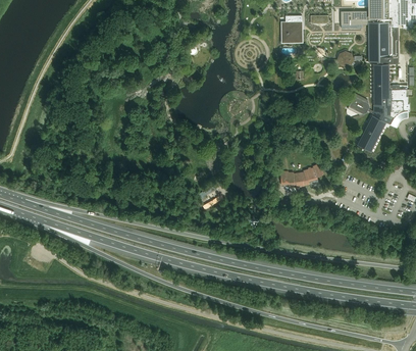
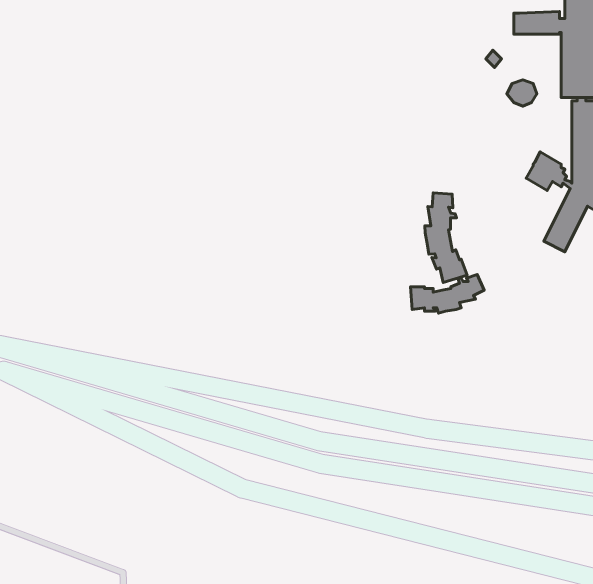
building: [280,15,301,39] -> none
building: none -> [425,193,467,283]

